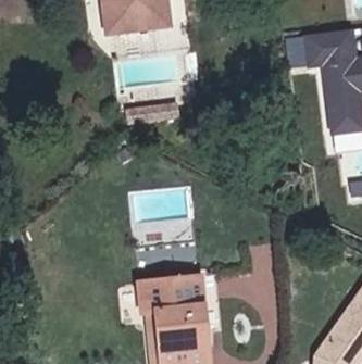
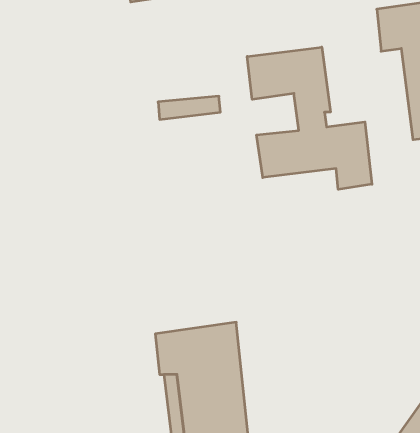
building: none -> [247,47,372,189]

